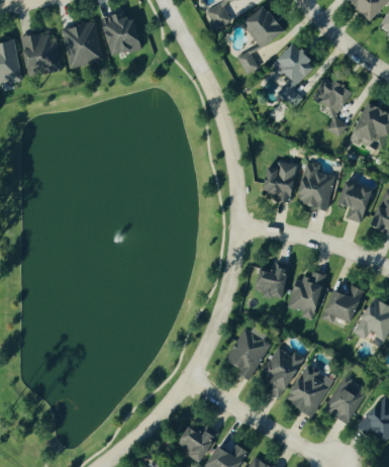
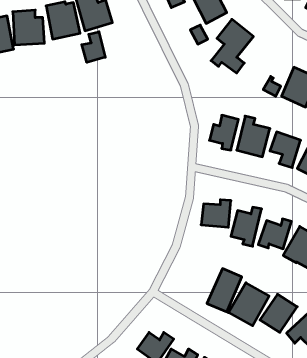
building: none -> [82,32,105,62]
building: [313,77,352,112] -> none
building: [223,326,274,381] -> none

